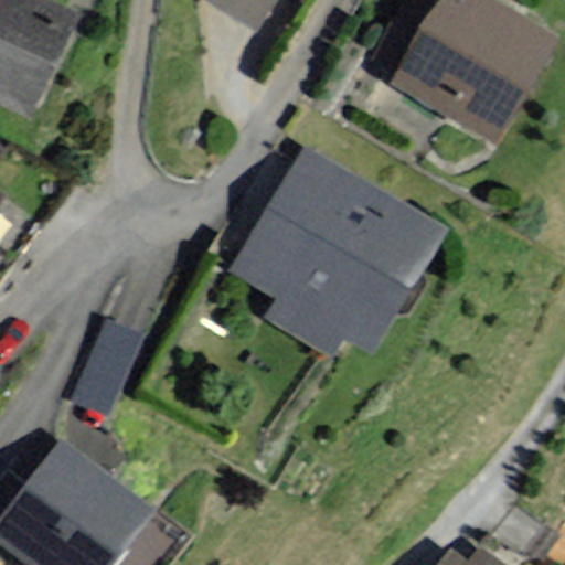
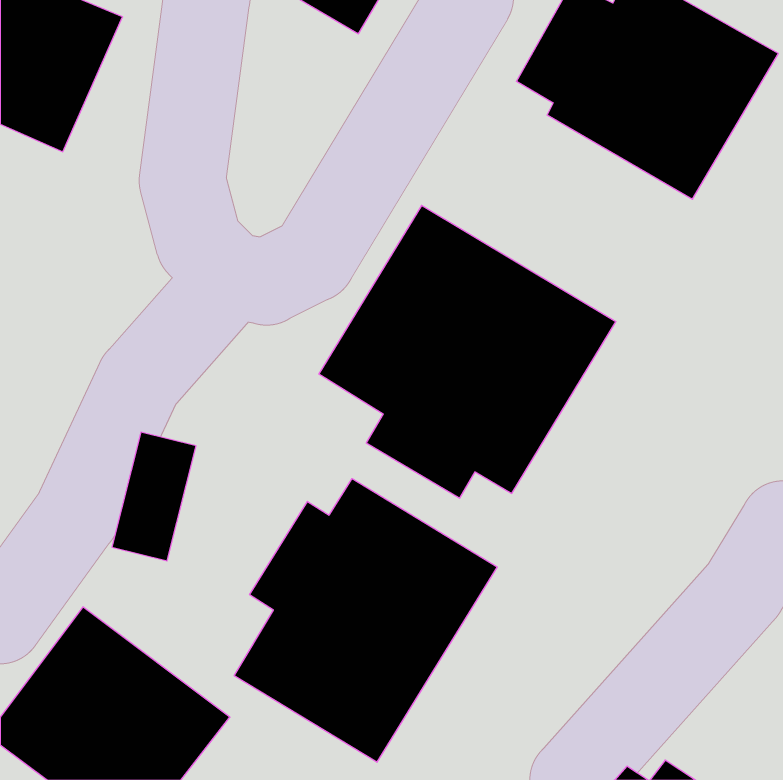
building: none -> [234,479,497,762]

